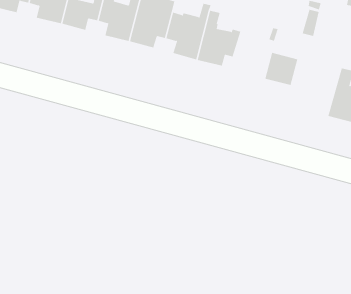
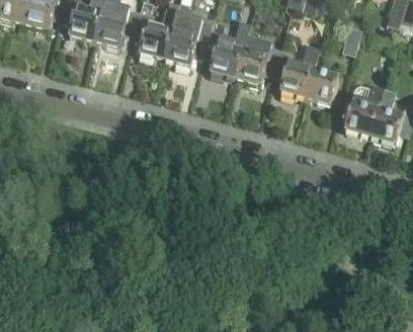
building: none -> [271,48,311,96]
building: none -> [344,81,383,135]

